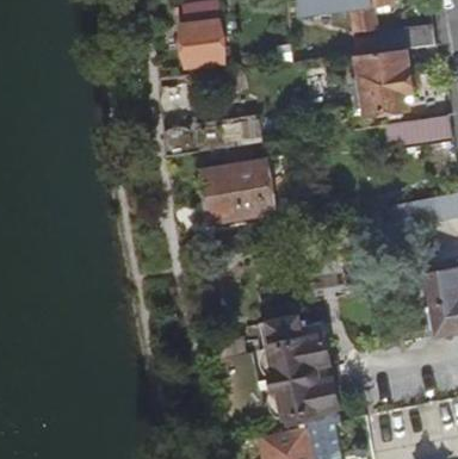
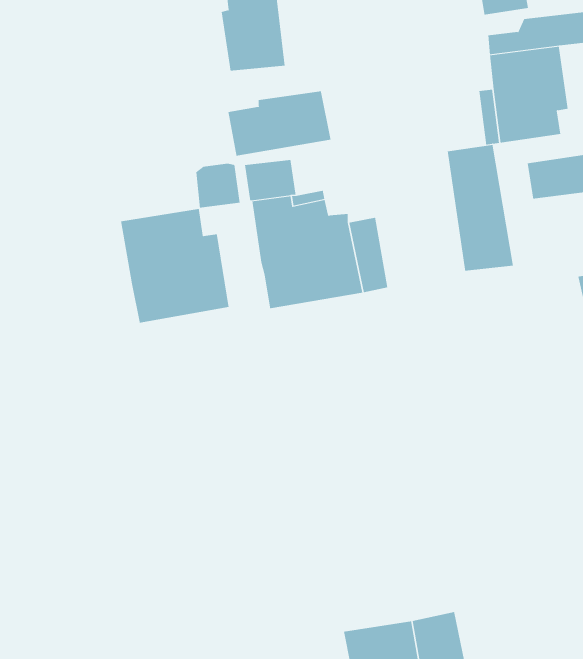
building: none -> [228,90,331,157]
building: none -> [447,144,513,271]
building: none -> [121,208,229,324]
building: [260,318,336,421] -> none

